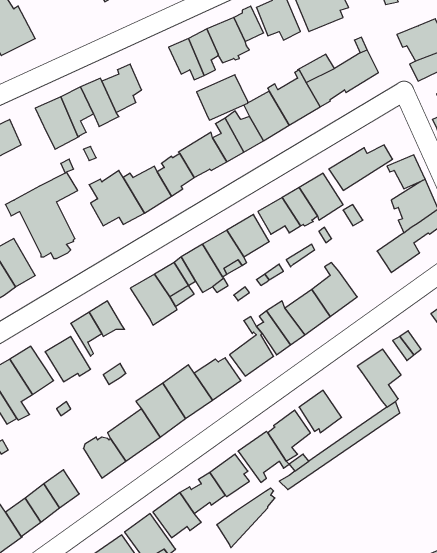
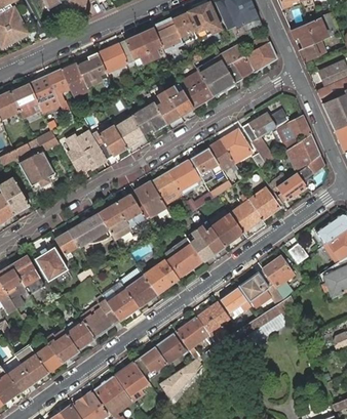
building: [197,75,248,120] -> [98,39,134,72]
building: none -> [10,83,37,110]
building: none -> [248,188,282,219]
building: none -> [81,213,112,243]
building: none -> [239,273,279,300]
building: none -> [46,329,77,362]

